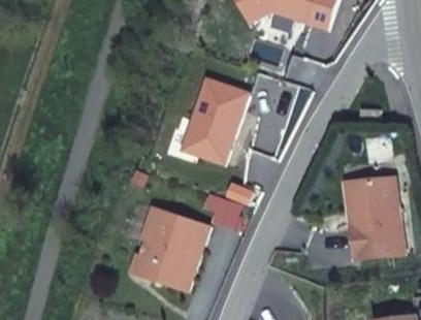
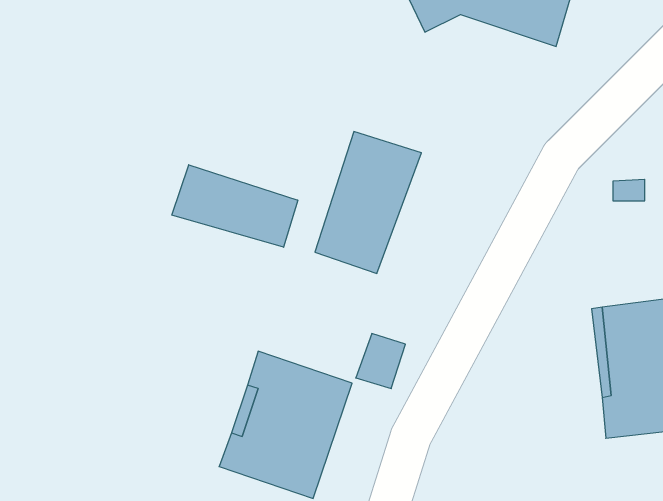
building: none -> [172,165,298,247]

